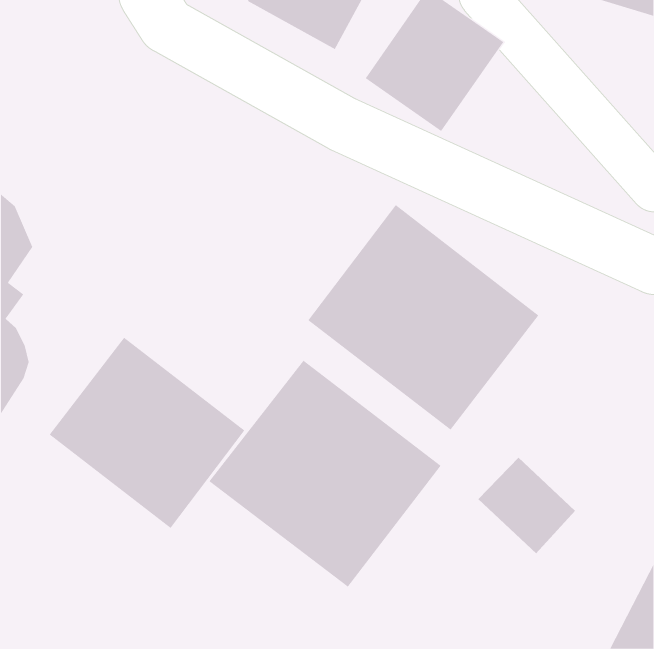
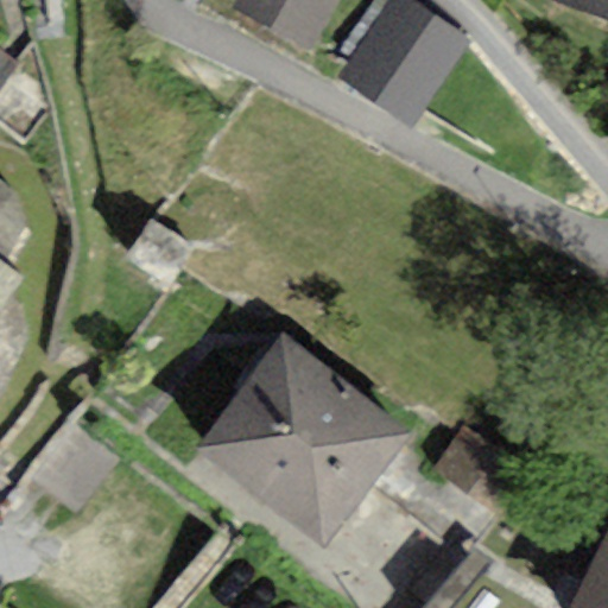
building: [307,204,539,431] -> none
building: [49,337,245,529] -> none

